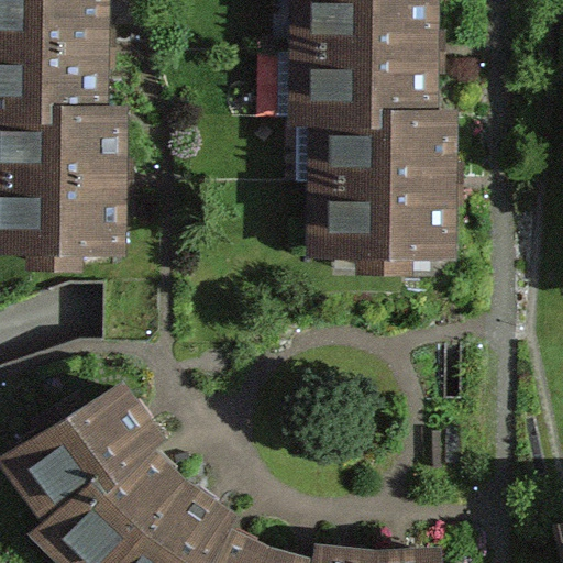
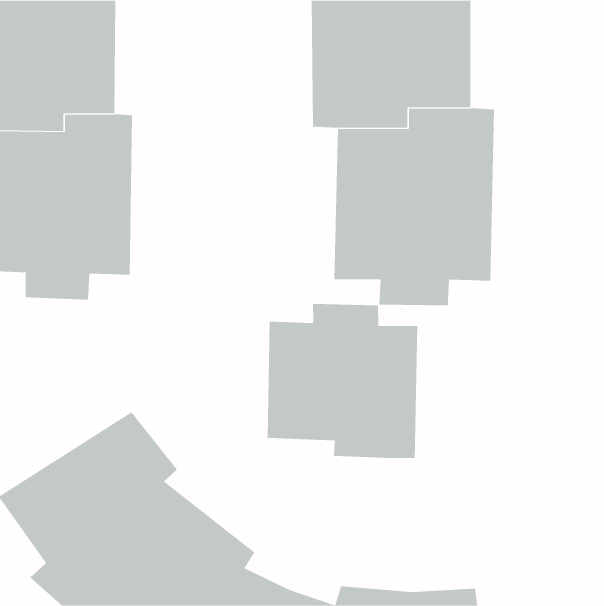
building: none -> [267,303,418,459]

